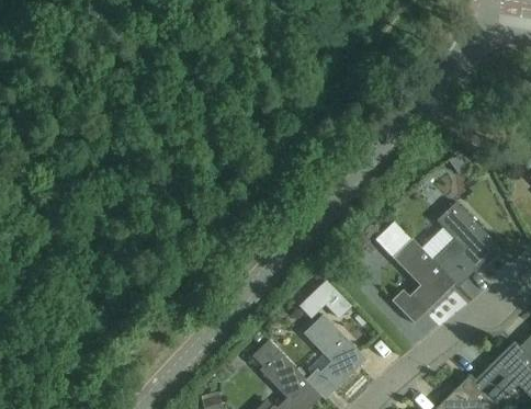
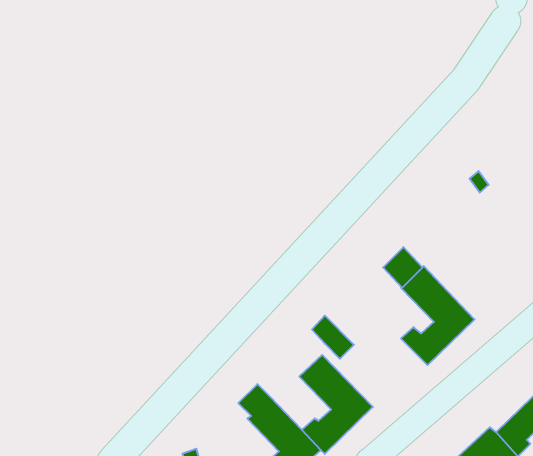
building: [432,201,500,286] -> none

